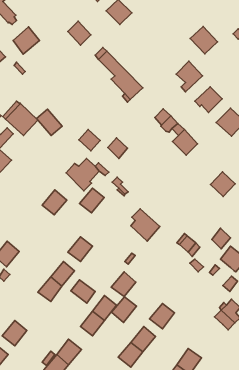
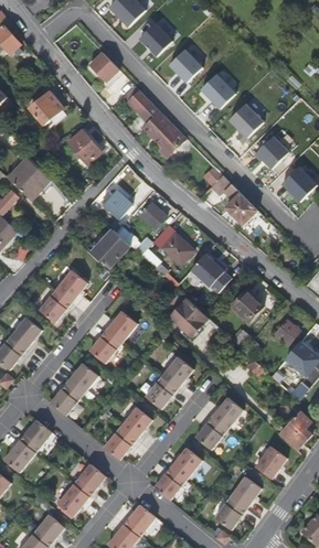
building: none -> [168,50,201,83]
building: [190,26,218,54] -> [200,74,235,109]
building: [13,27,39,54] -> [30,90,64,126]
building: [37,109,62,135] -> [68,130,102,164]
building: none -> [162,234,194,266]
building: [211,172,235,197] -> [232,287,264,319]
building: none -> [192,255,232,293]
building: [80,188,104,213] -> [105,311,137,343]
building: none -> [40,290,71,323]
building: none -> [10,316,42,350]
building: [71,280,95,303] -> none
building: none -> [211,397,243,429]
building: [112,297,136,322] -> [161,356,193,389]
building: none -> [20,419,52,452]
building: none -> [255,445,287,479]

